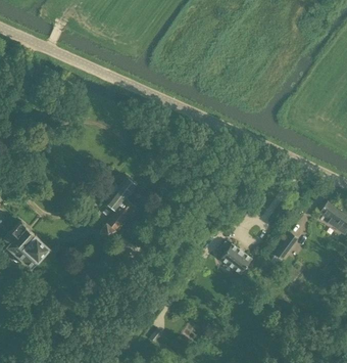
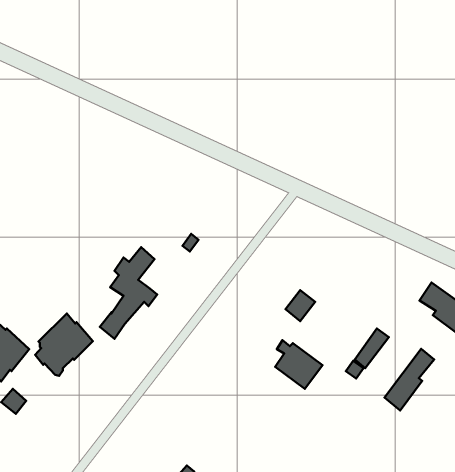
building: none -> [35,313,93,376]
building: none -> [384,349,434,411]

